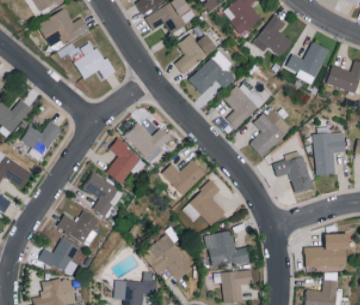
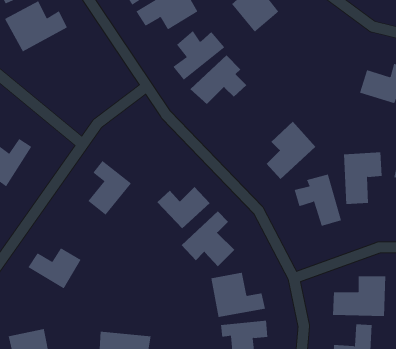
building: [254,14,291,56] -> none
building: [285,42,328,81] -> none
building: [70,44,114,78] -> none
building: [223,80,263,129] -> none
building: [124,122,171,161] -> none
building: [83,172,121,216] -> none
building: [141,233,192,279] -> none
building: [38,237,78,271] -> none

